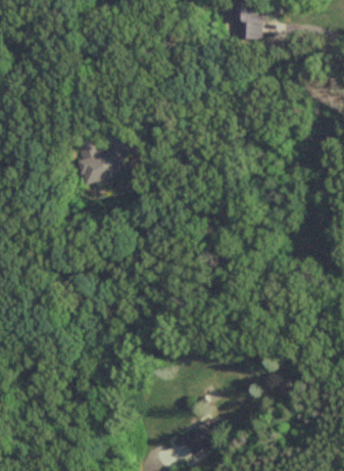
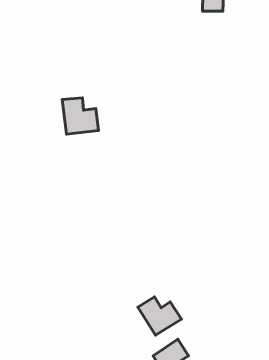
building: none -> [138,297,182,335]

